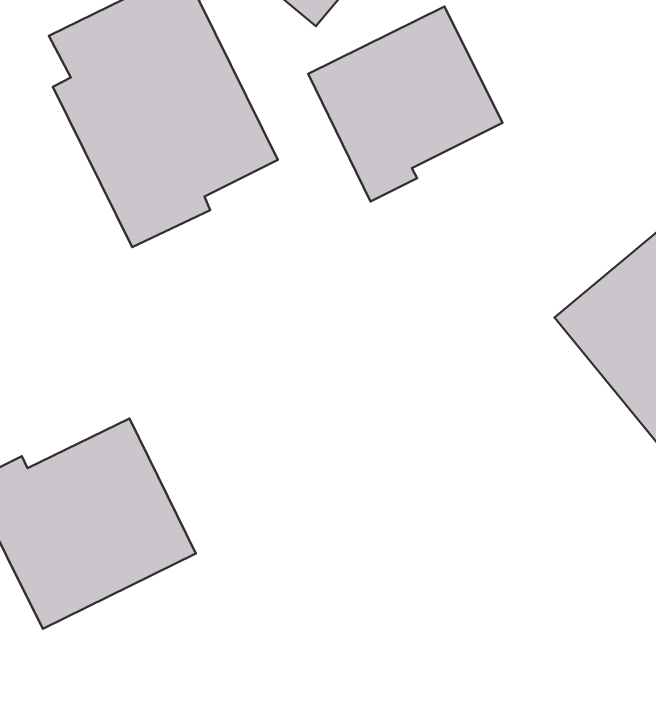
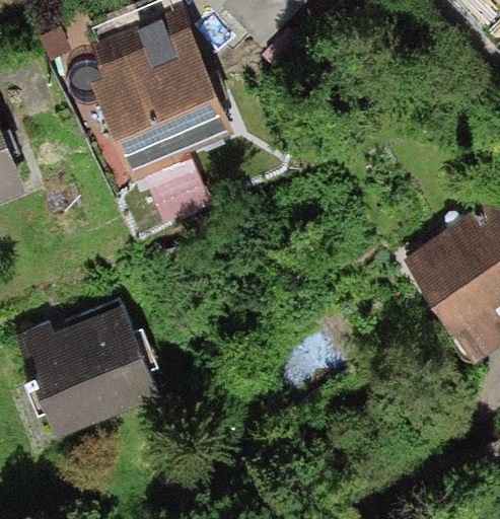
building: [308,6,502,201] -> none

